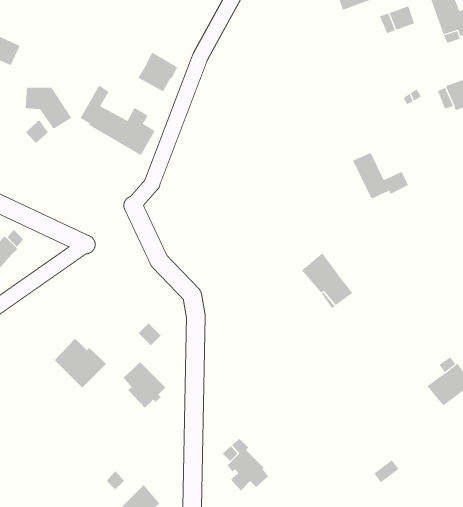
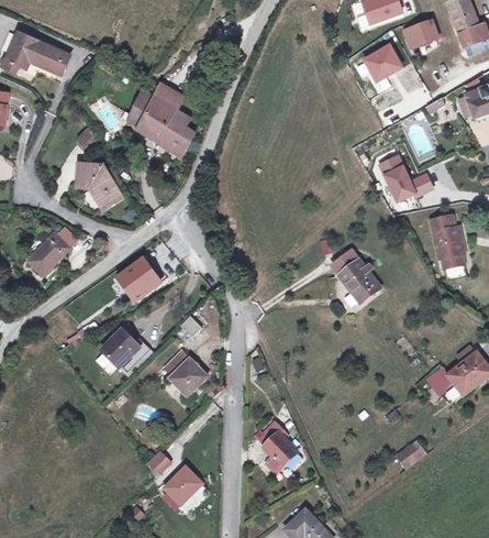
building: none -> [364,45,401,81]
building: [138,52,178,92] -> [145,89,182,127]
building: [25,87,72,130] -> [78,165,122,205]
building: none -> [431,216,463,266]
building: none -> [116,259,159,300]
building: none -> [425,365,456,397]

